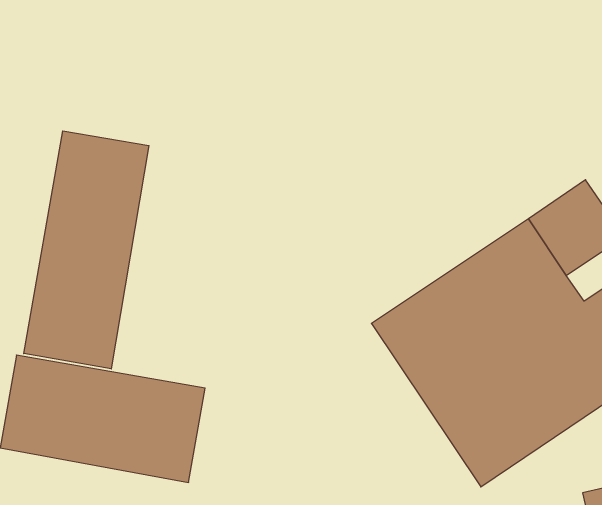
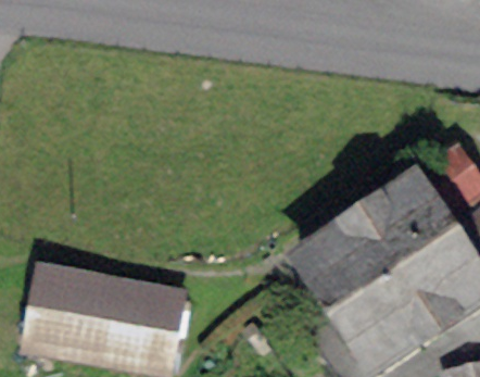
building: [24,131,149,369] -> none

